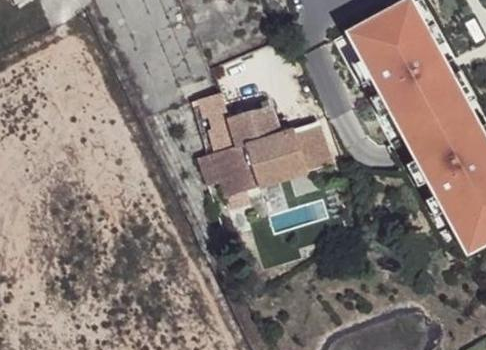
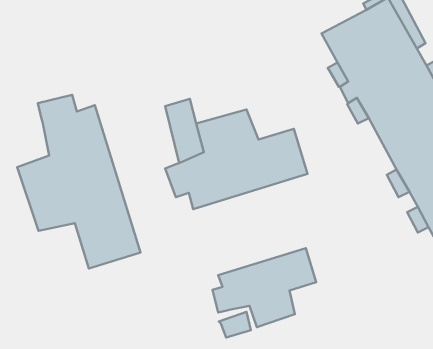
building: none -> [17,95,140,268]
building: none -> [212,248,316,327]

